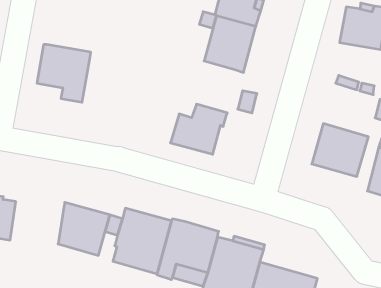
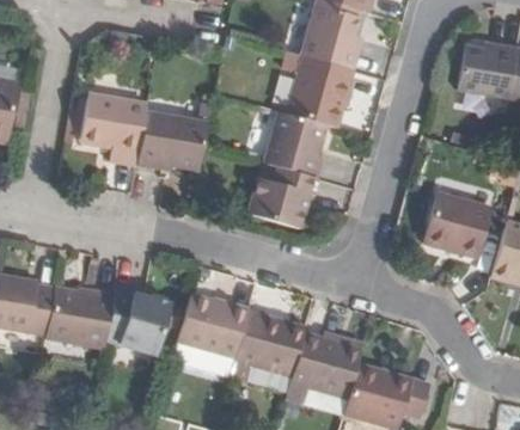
building: none -> [136,110,208,170]
building: none -> [264,110,326,177]
building: none -> [45,287,114,348]

